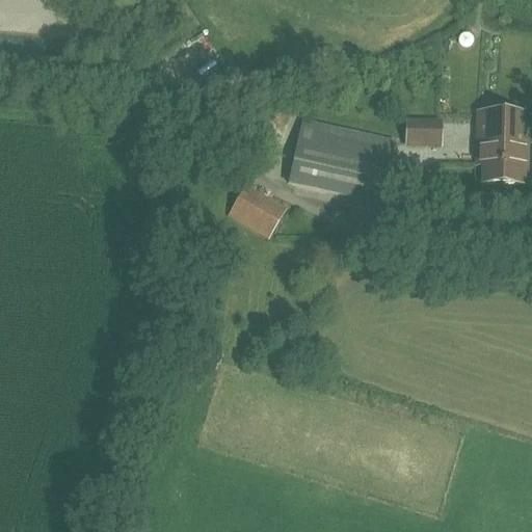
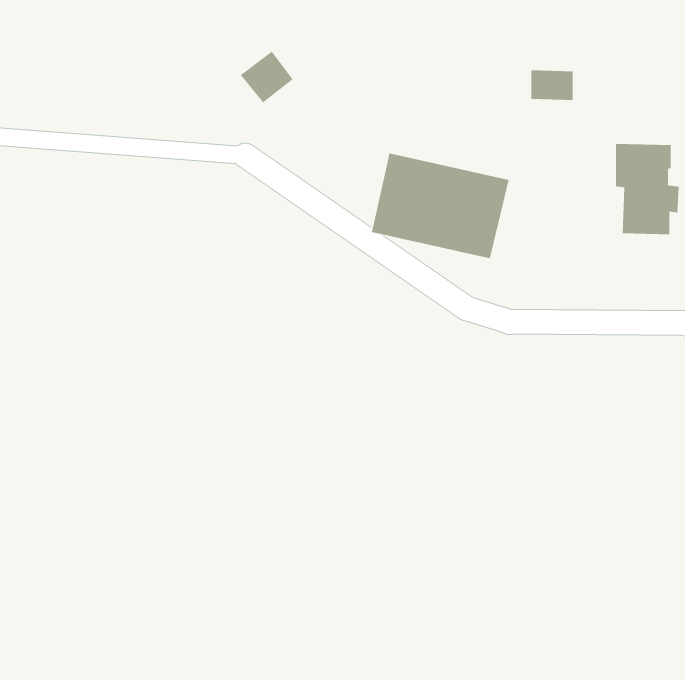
building: [406,119,440,143] -> [531,70,574,101]
building: [229,184,286,236] -> none

